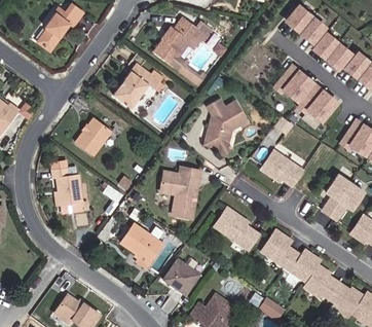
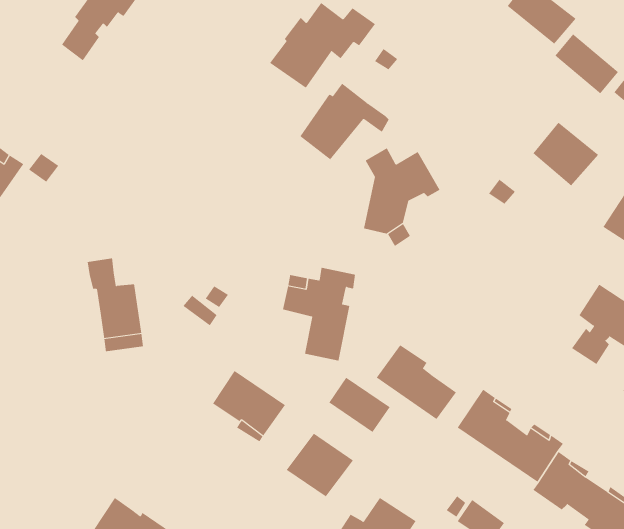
building: [112,64,162,107] -> [299,83,390,160]
building: [273,65,313,105] -> none
building: [76,117,111,154] -> none
building: [262,150,304,186] -> none
building: none -> [328,377,390,433]

